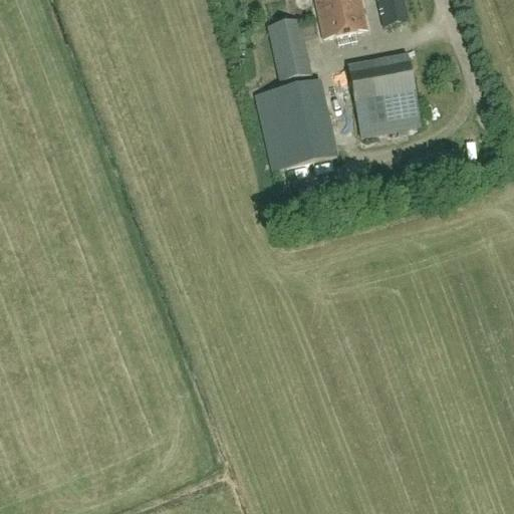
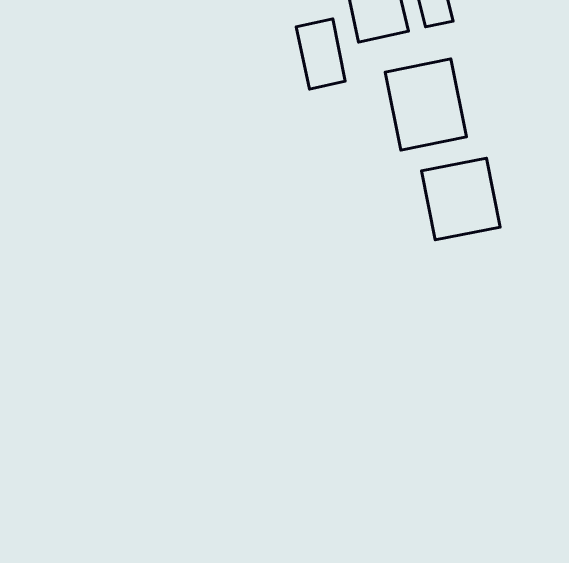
building: [256,80,335,168] -> none
building: none -> [421,158,500,240]

